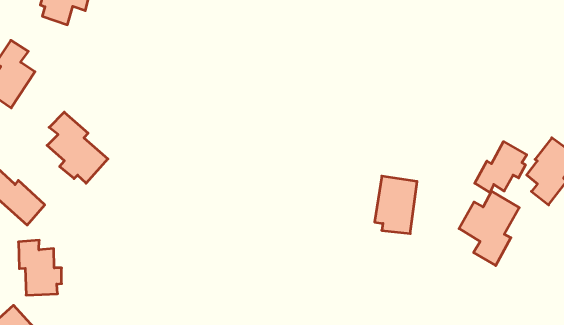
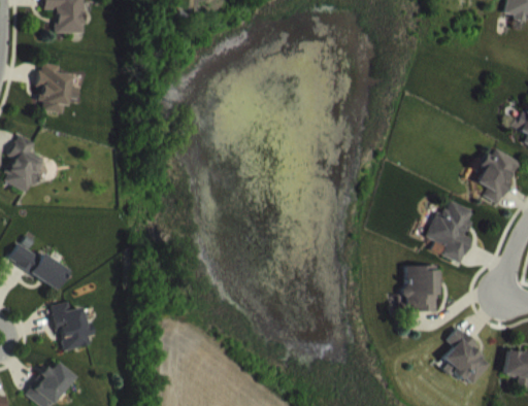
building: [47,112,108,183] -> none
building: [475,142,527,193] -> none
building: [375,176,417,234] -> [404,265,436,311]

